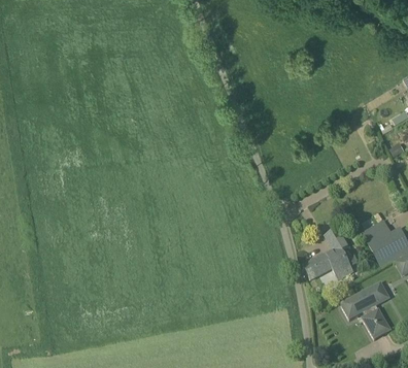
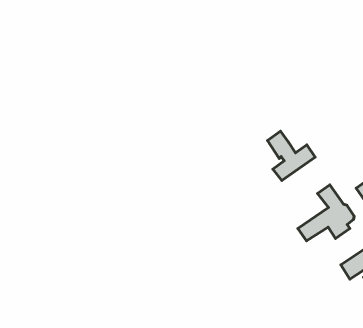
building: none -> [268,131,315,180]

